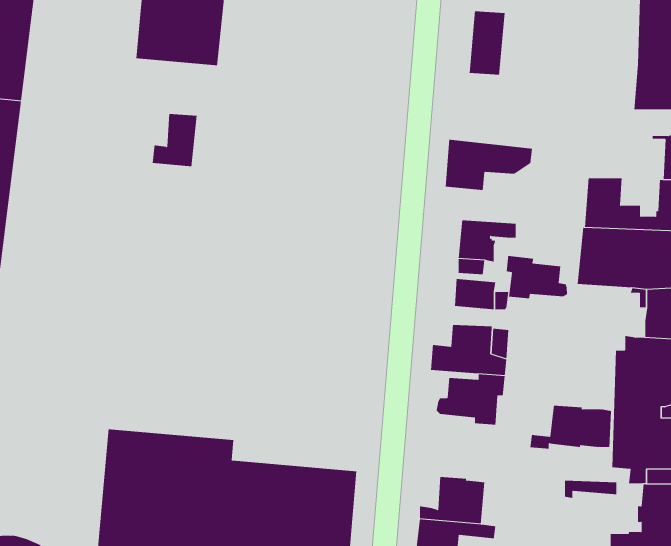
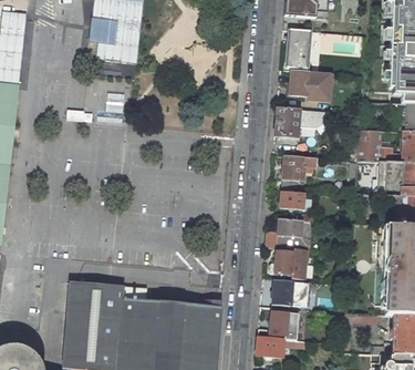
building: none -> [290,70,333,100]
building: [506,255,567,299] -> none
building: [529,405,612,449] -> [260,280,310,307]

